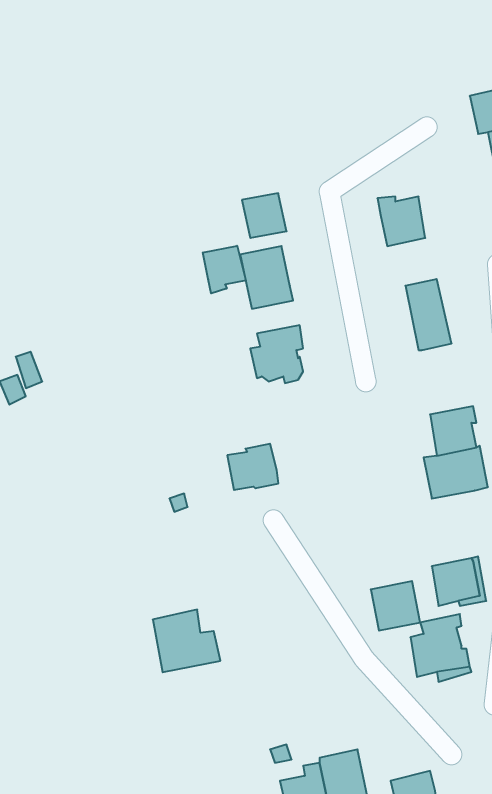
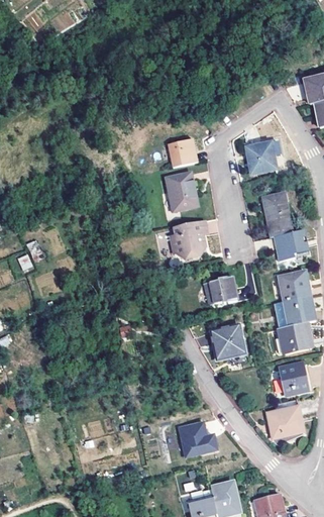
building: [203,246,246,293] -> none
building: none -> [275,231,307,264]
building: [227,444,278,490] -> [205,276,236,304]
building: none -> [279,322,312,351]
building: [371,581,420,631] -> [214,326,244,356]
building: [153,610,220,672] -> [177,417,218,455]

